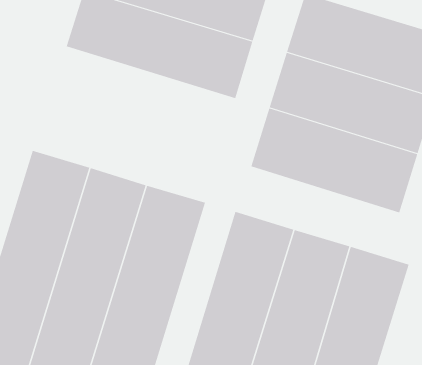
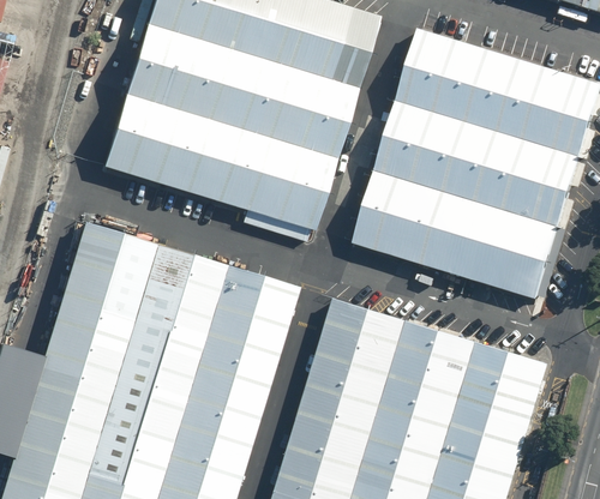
building: none -> [102,94,335,232]

